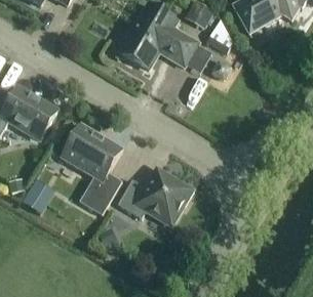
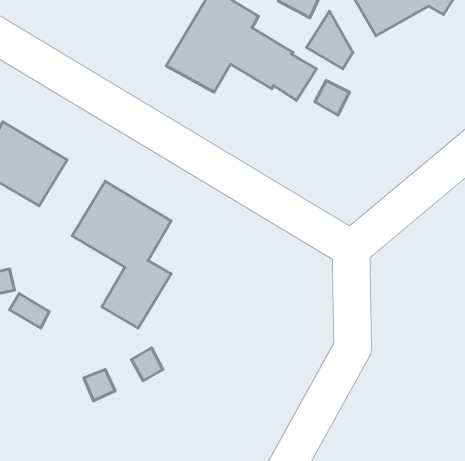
building: [117,170,194,223] -> none

